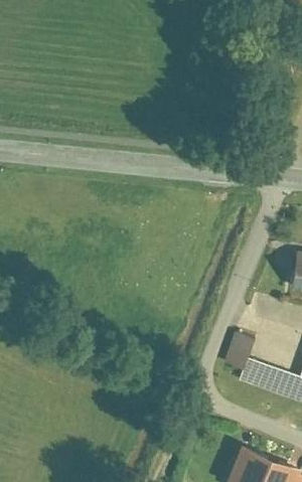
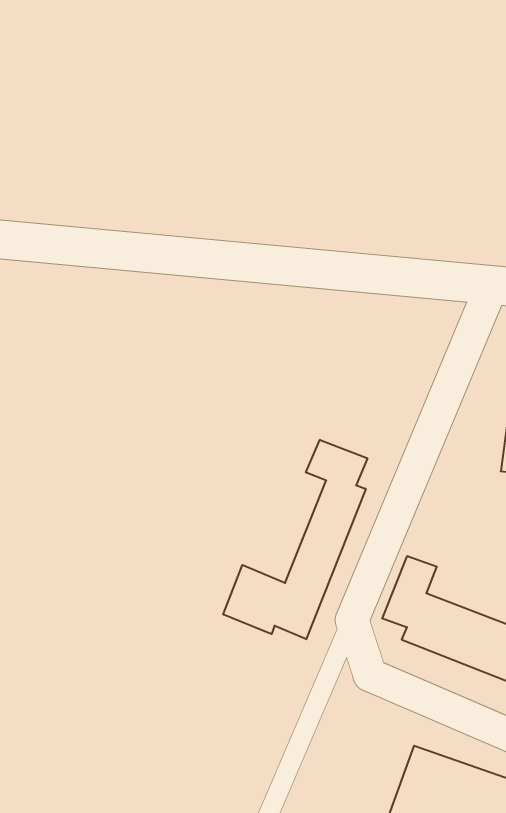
building: none -> [223,440,367,639]

